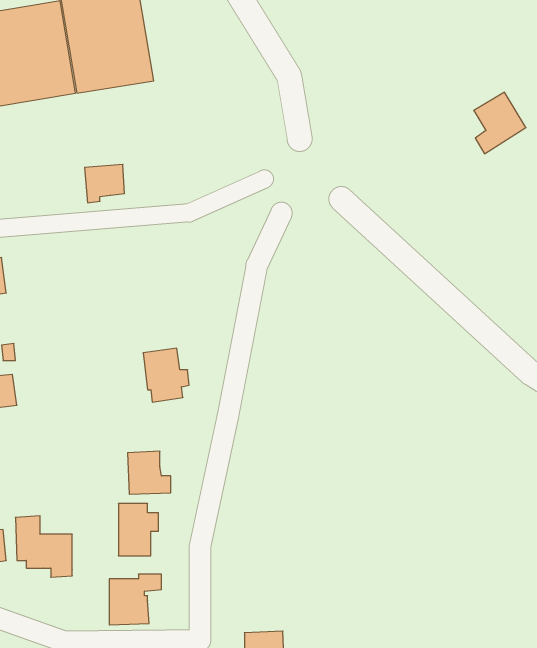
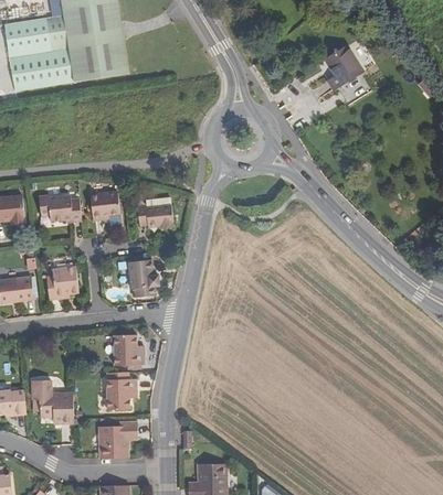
building: [474,92,526,154] -> [320,47,358,92]
building: [85,164,124,203] -> [89,191,118,218]
building: none -> [49,194,81,220]
building: none -> [137,205,173,229]
building: none -> [45,268,76,300]

